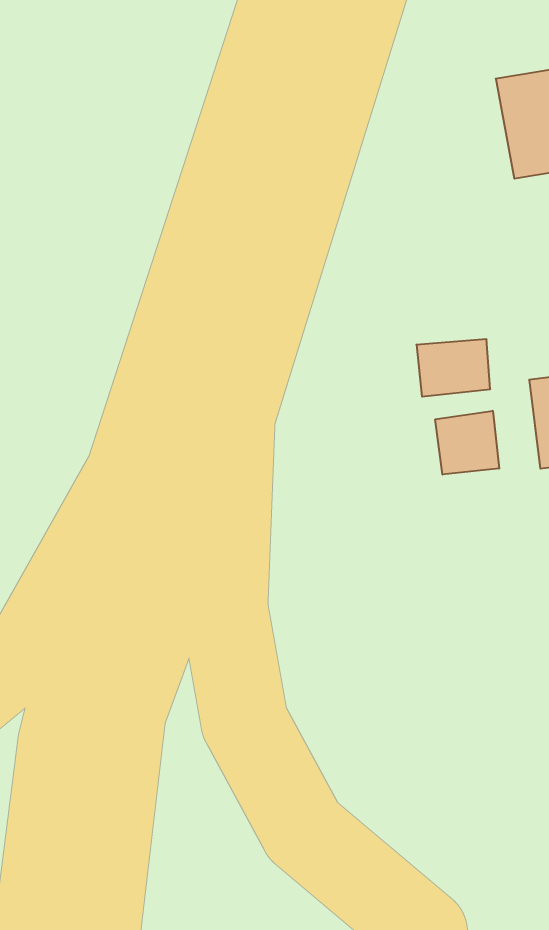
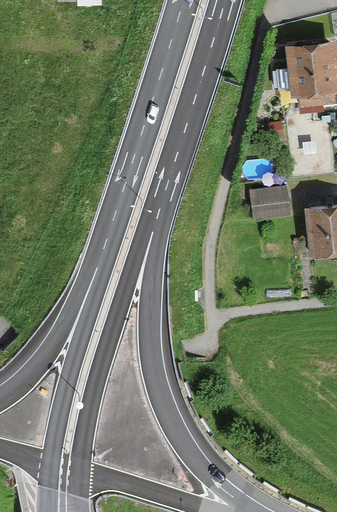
building: [435,411,499,475] -> none

